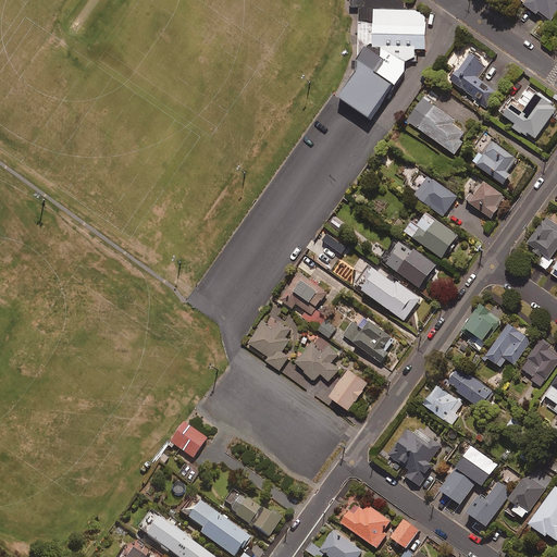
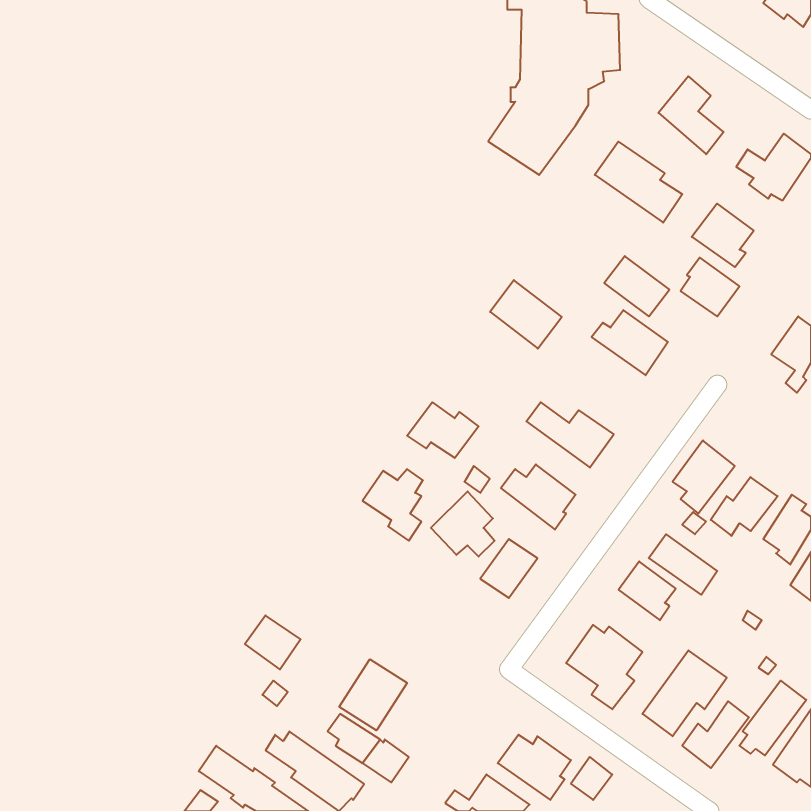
building: [386,239,435,286] -> [490,280,562,349]
building: none -> [339,659,407,730]

